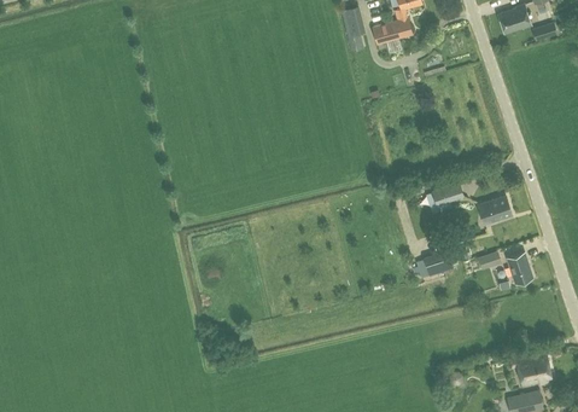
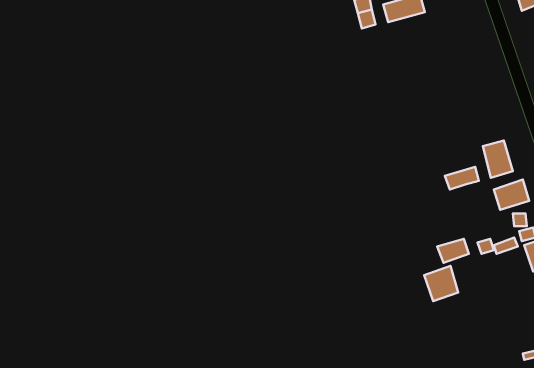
building: none -> [483,140,513,178]
building: none -> [424,266,458,301]

